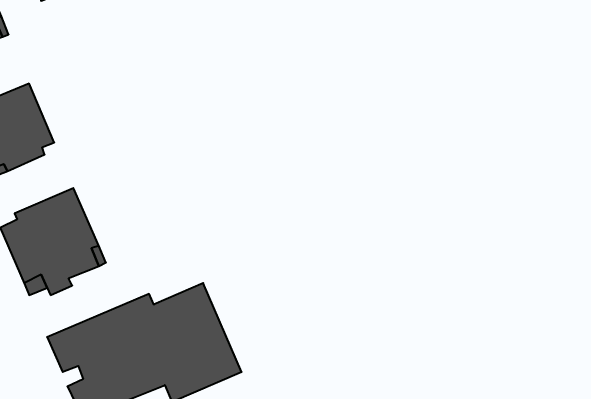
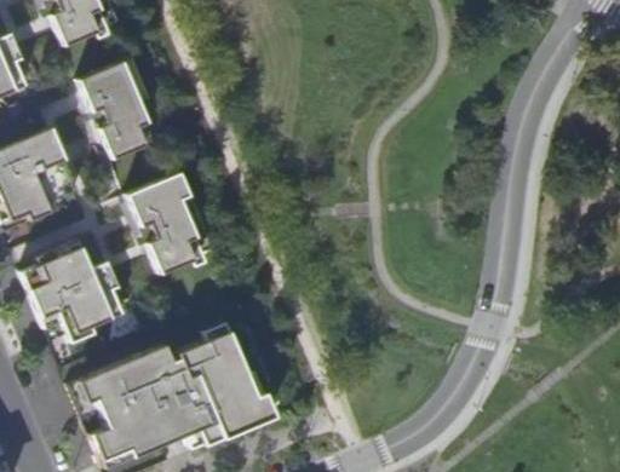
building: none -> [79,62,156,159]
building: none -> [127,175,205,274]

